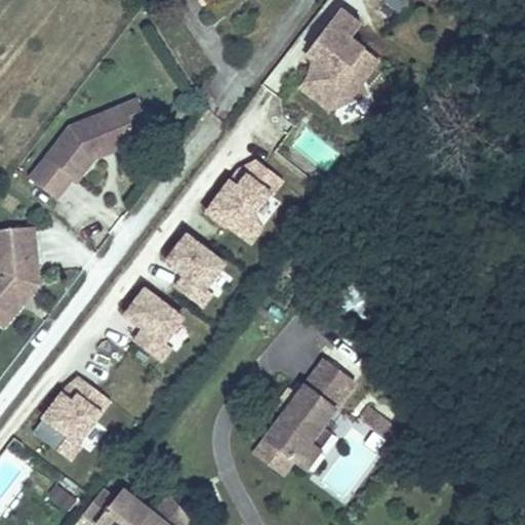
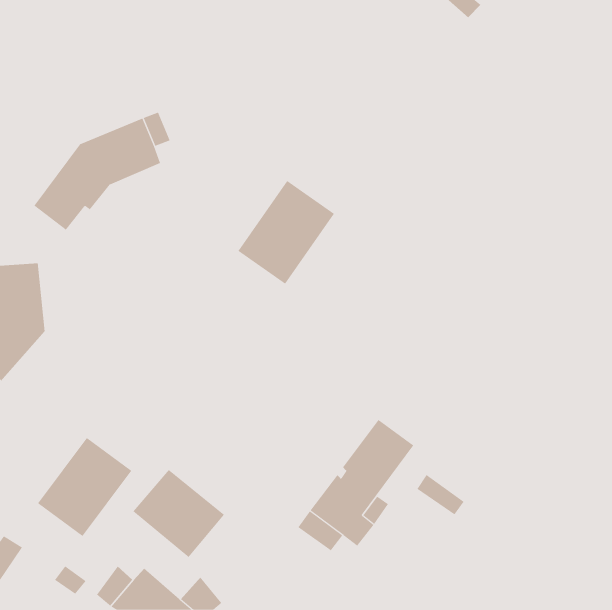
building: [297,9,376,111] -> none
building: [162,234,230,309] -> none
building: [113,285,192,361] -> [132,469,225,558]

